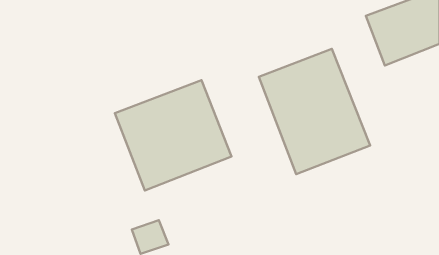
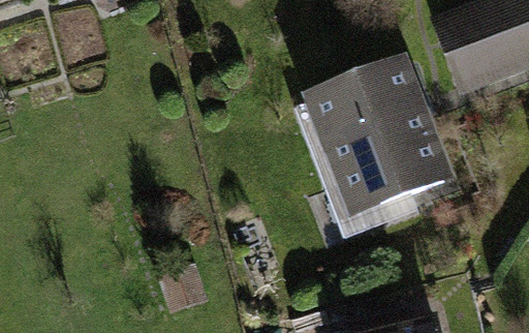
building: [115,80,231,190] -> none

